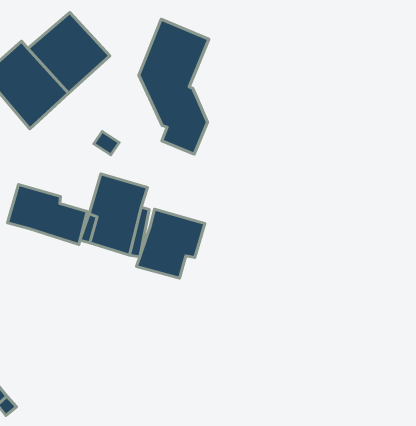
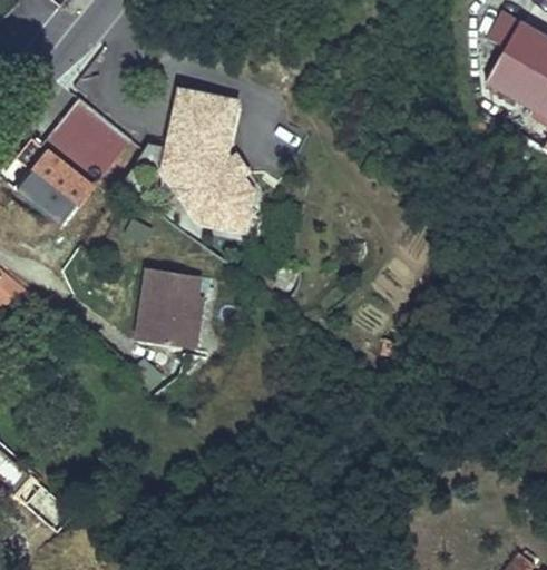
building: [7,184,87,245] -> none
building: [136,209,205,278] -> none

